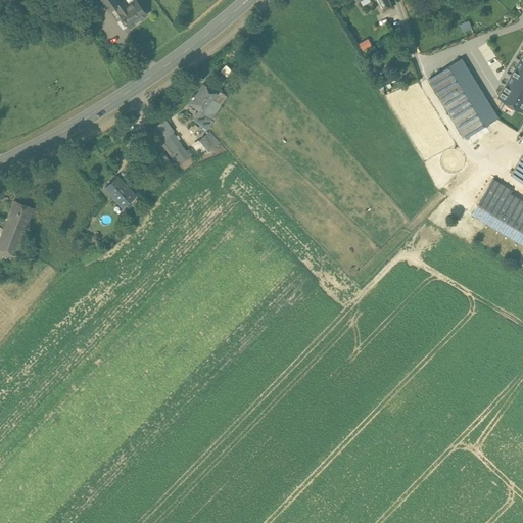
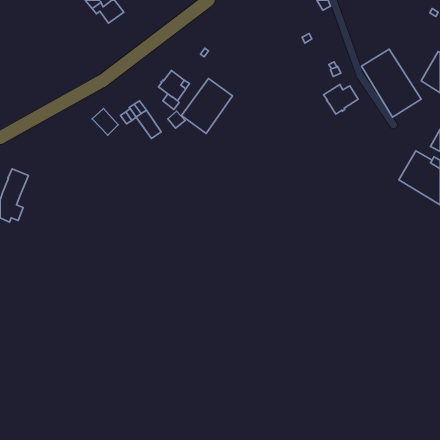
building: none -> [181,79,233,134]
building: none -> [324,85,358,114]
building: [104,176,135,207] -> [92,108,118,135]

